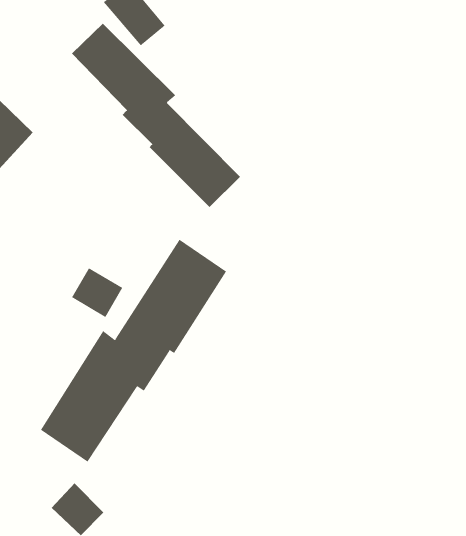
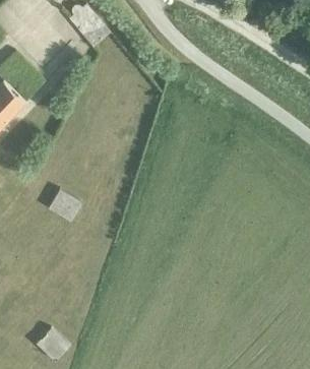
building: [71,23,241,208] -> none
building: [40,239,227,463] -> none

